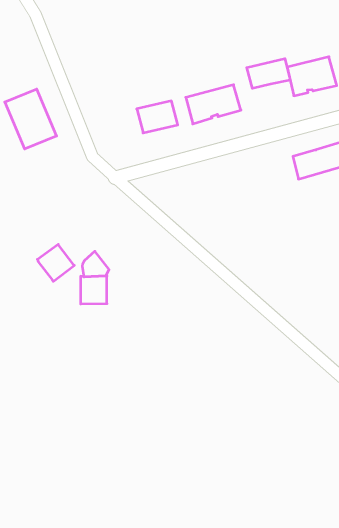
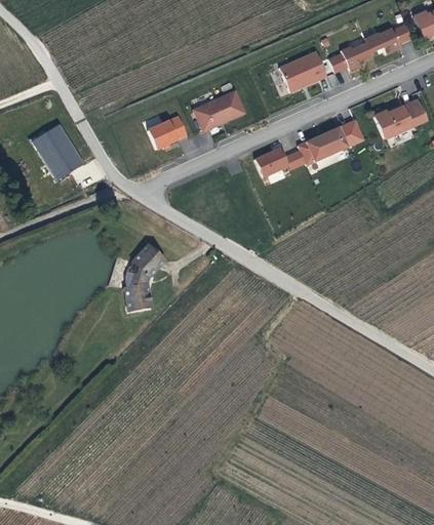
building: [247,59,290,88] -> none
building: none -> [258,147,290,175]
building: [37,244,74,281] -> [133,242,167,276]

